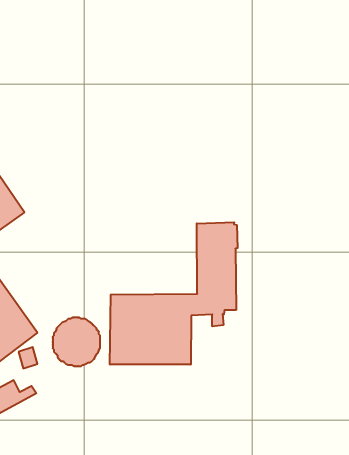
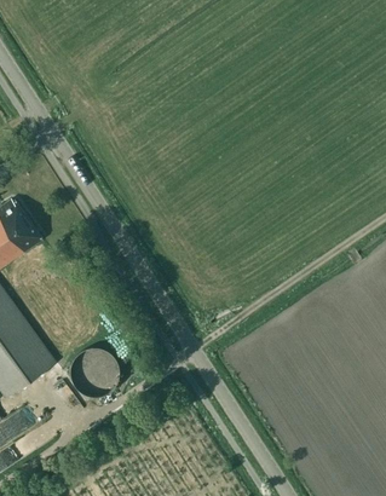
building: [110,222,238,365] -> none

